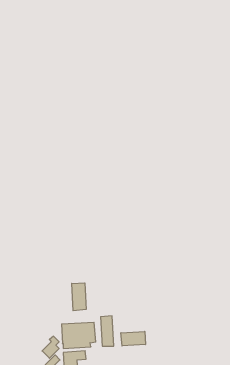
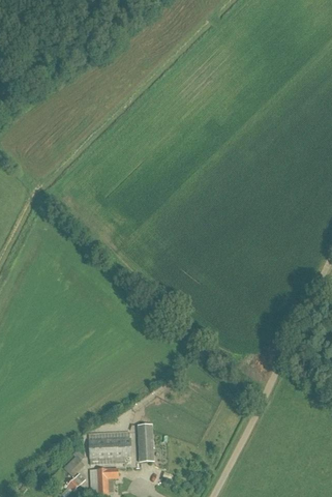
building: [72,283,86,311] -> none
building: [121,331,145,346] -> none

